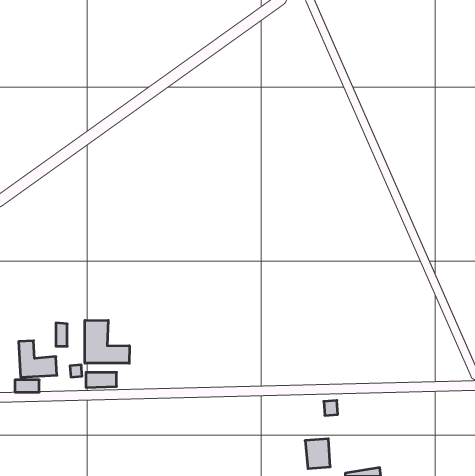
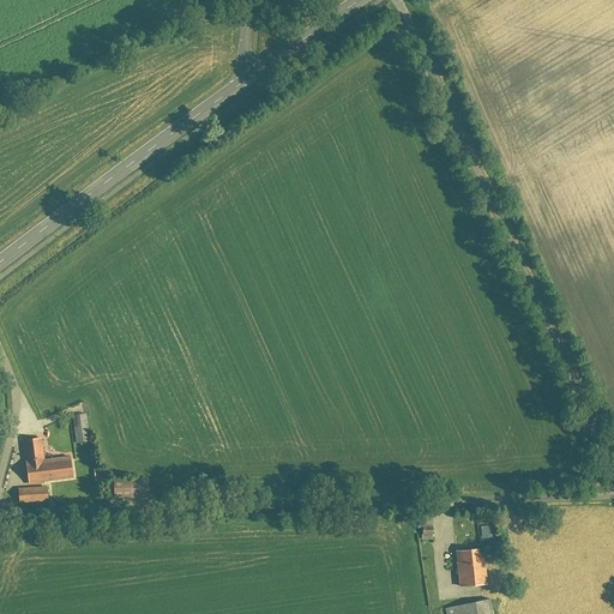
building: [85,320,129,363] -> none
building: [305,439,330,469] -> [455,547,487,585]

